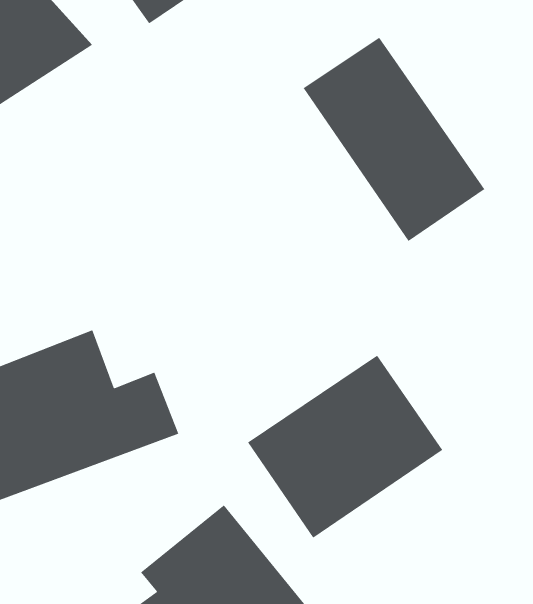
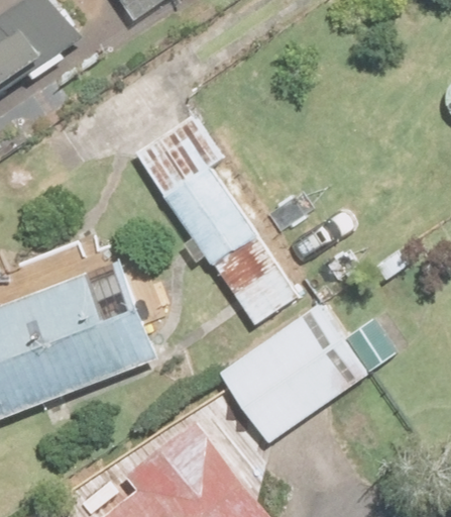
building: [303,37,485,242] -> none
building: none -> [132,110,298,325]

